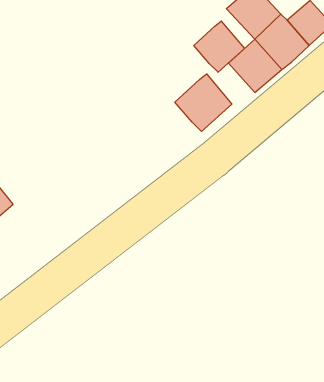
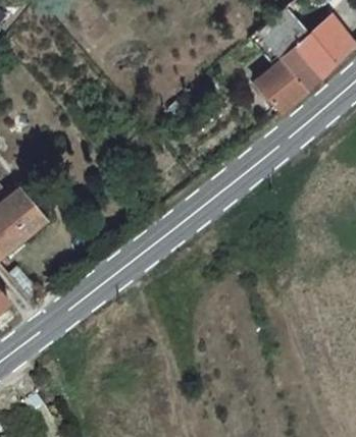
building: [194,21,244,72] -> none
building: [175,74,232,131] -> none

